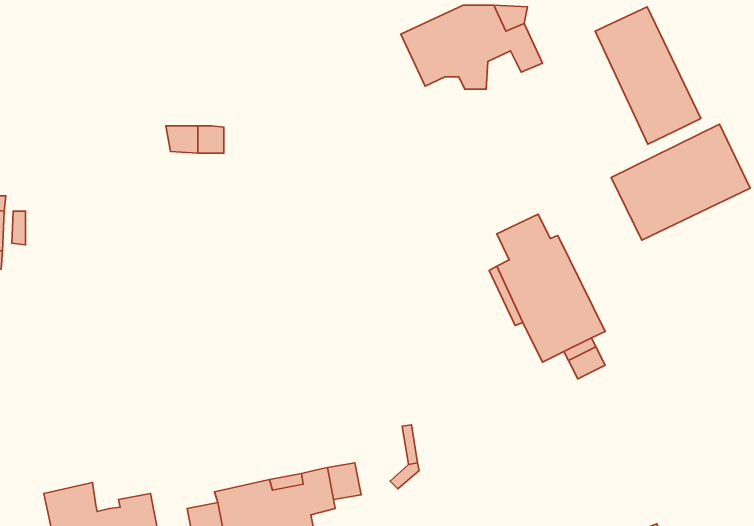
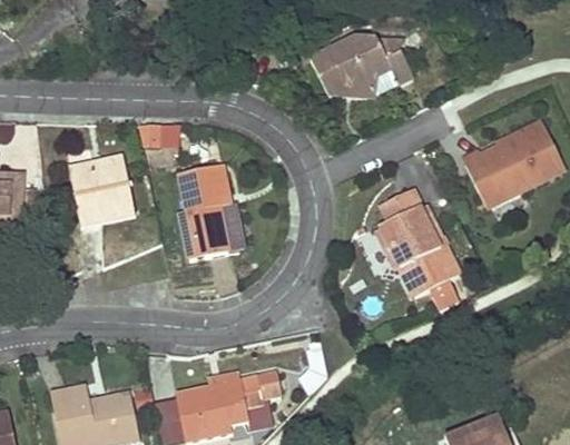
building: [595,7,701,144] -> none
building: none -> [69,157,135,226]
building: none -> [178,164,246,259]

